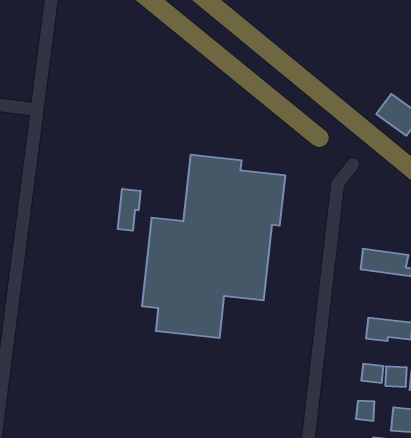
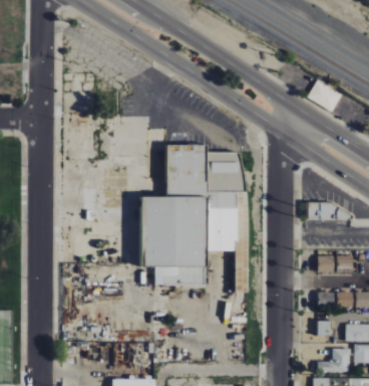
building: [118,189,141,231] -> none

